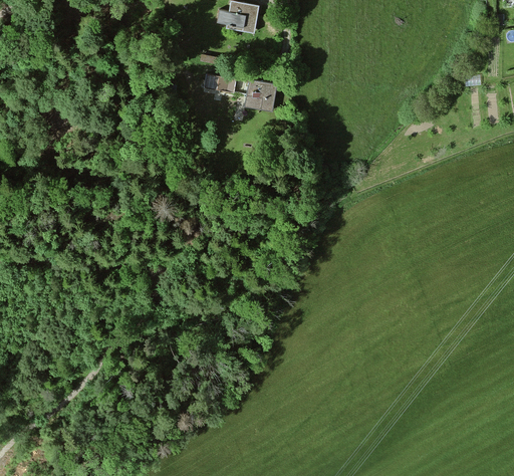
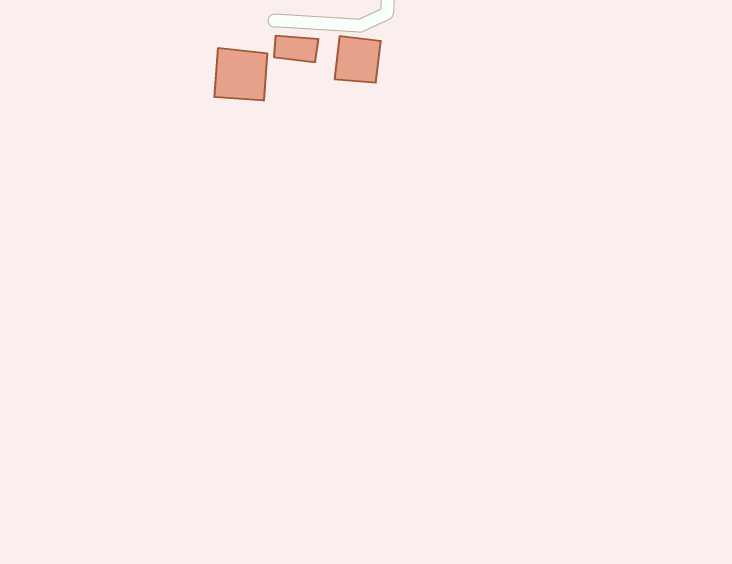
building: none -> [214,48,267,101]

